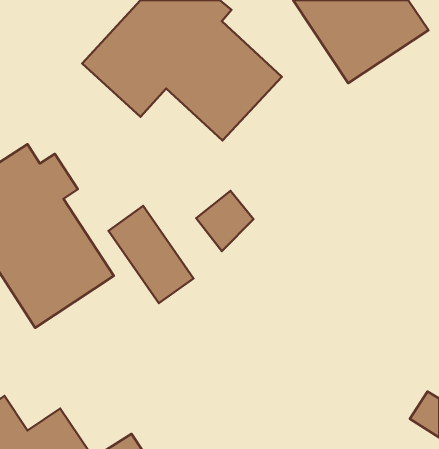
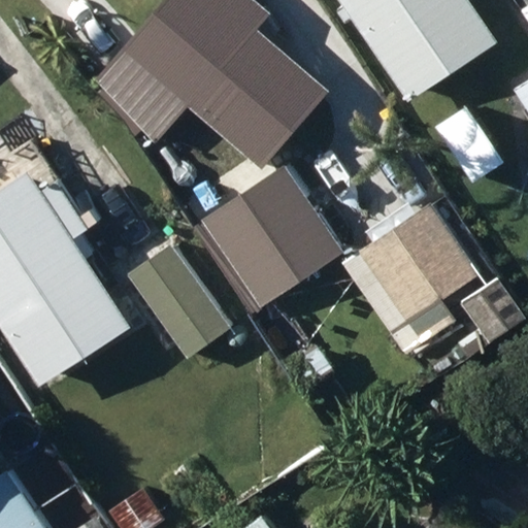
building: none -> [343,182,477,354]

